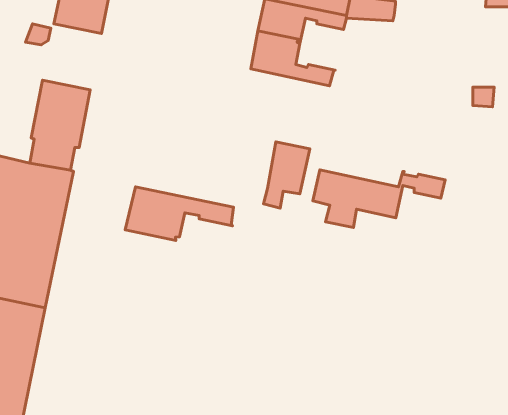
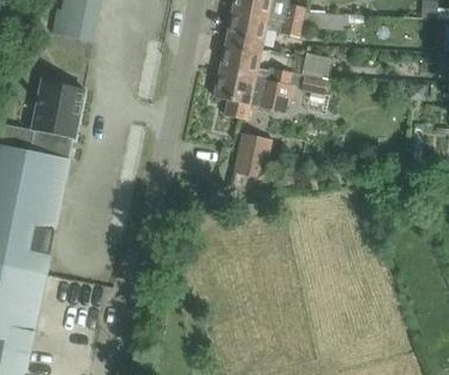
building: [313,170,445,228] -> [214,70,327,119]
building: [125,187,234,241] -> none

